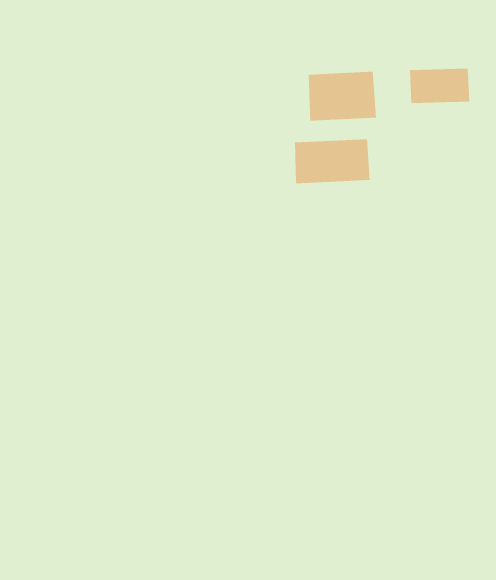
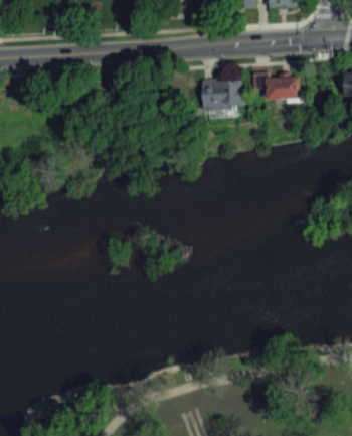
building: [295,139,370,184] -> none

